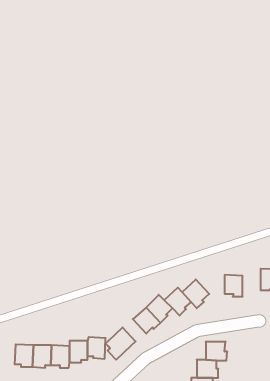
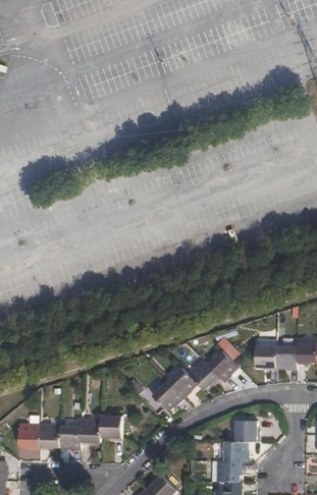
building: none -> [276,346,297,370]
building: [105,327,136,360] -> none

